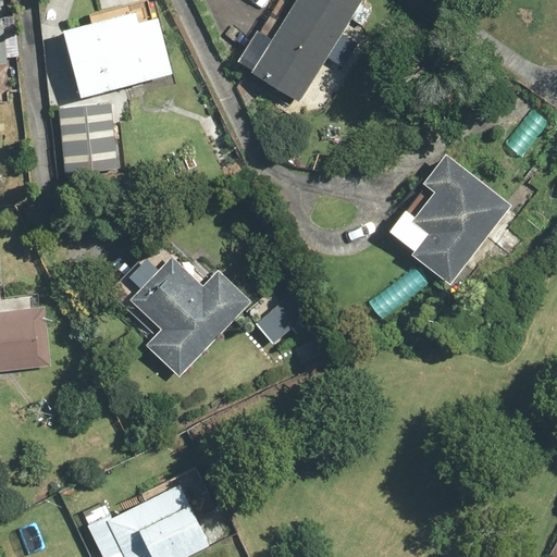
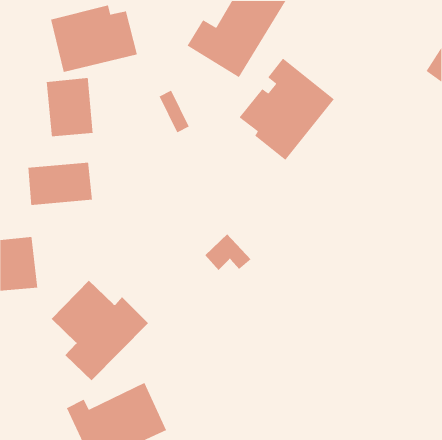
building: [388,157,509,286] -> [239,58,335,161]
building: none -> [27,162,93,206]
building: [128,250,251,377] -> [51,280,149,381]

